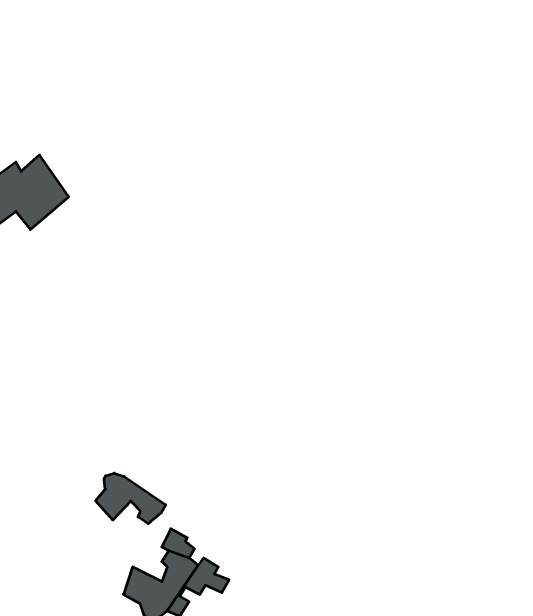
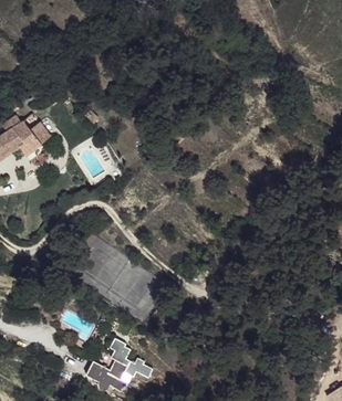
building: [96,473,166,524] -> none

